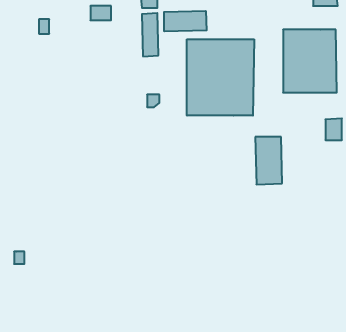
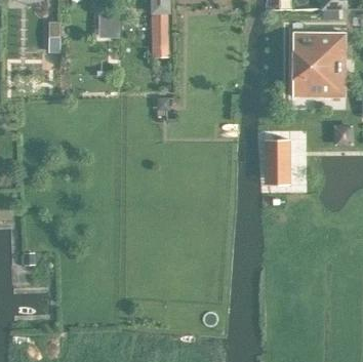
building: [164,11,207,31] -> none
building: [187,39,254,116] -> none

